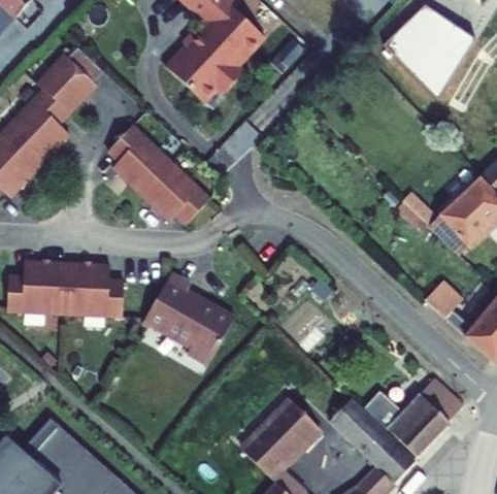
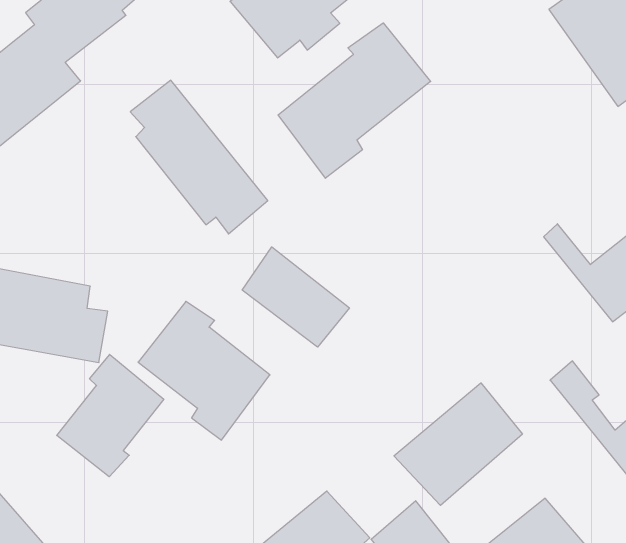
building: none -> [278,23,431,178]
building: none -> [242,247,349,347]
building: none -> [394,383,522,505]
building: none -> [57,354,164,477]

